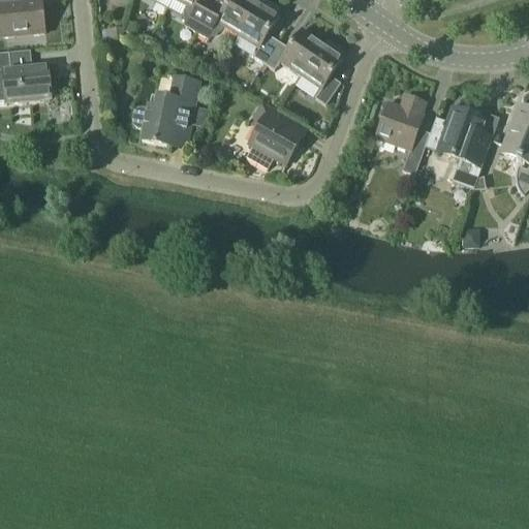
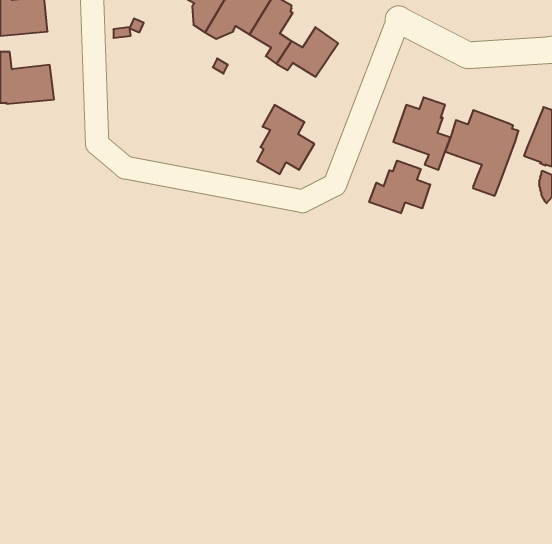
building: [302,38,344,103] -> none
building: [132,74,209,145] -> none
building: none -> [369,161,430,213]

